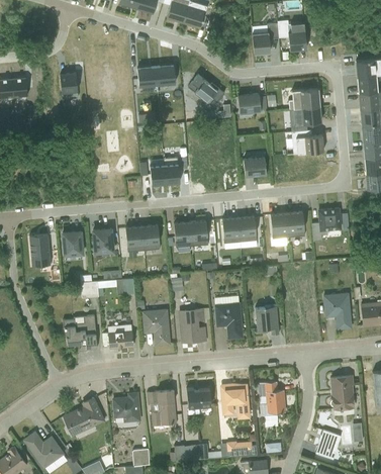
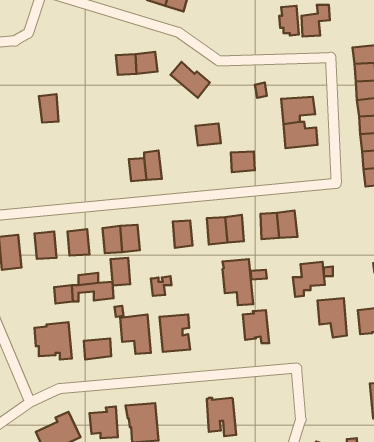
building: [253,23,279,53] -> [301,5,330,36]
building: [60,73,78,99] -> [39,94,59,123]
building: [289,88,319,108] -> none
building: [237,93,261,113] -> [196,124,221,145]
building: [311,208,341,241] -> [293,262,325,297]
building: [174,221,192,247] -> [111,258,130,285]
building: [214,295,243,338] -> [223,259,253,305]
building: [330,375,355,408] -> none
building: [258,380,285,416] -> none
building: [186,387,211,414] -> none

